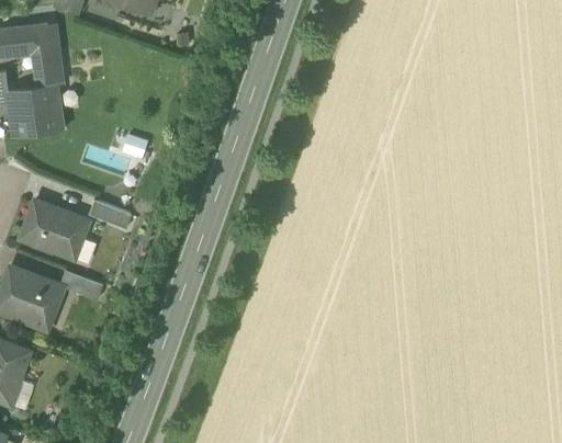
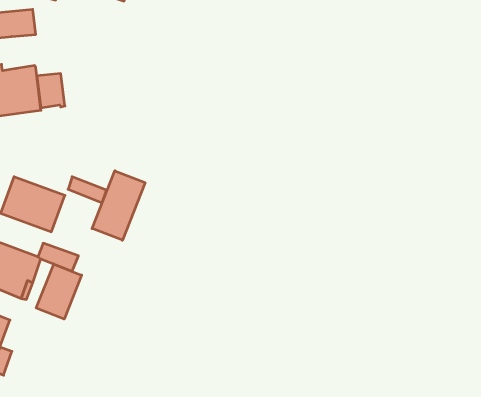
building: [33,50,63,87] -> [37,74,65,108]
building: none -> [92,171,145,240]
building: none -> [36,264,82,319]

